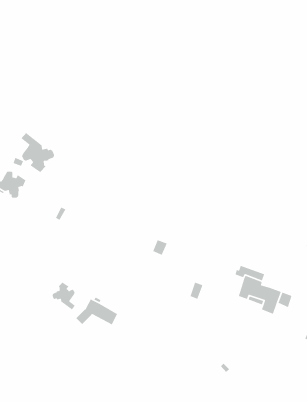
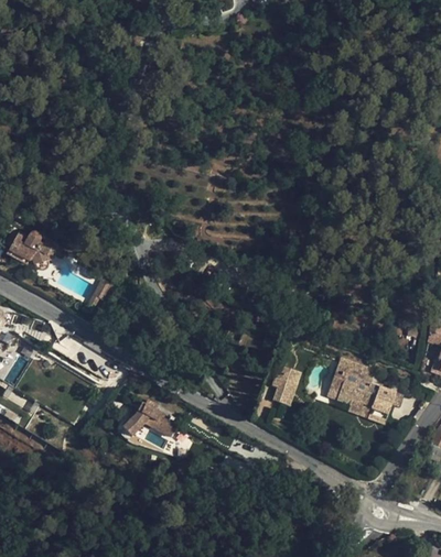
building: [21,132,55,173] -> none
building: [52,282,76,310] -> none

